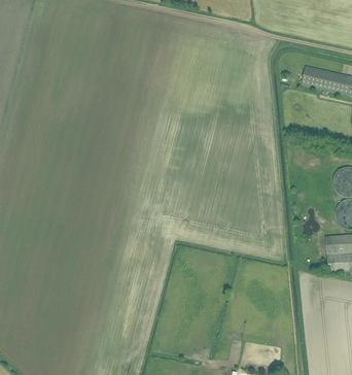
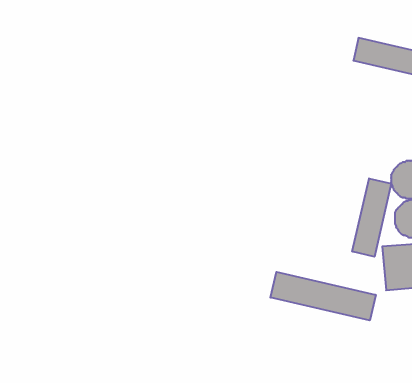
building: none -> [352,178,391,257]
building: none -> [270,272,376,320]

